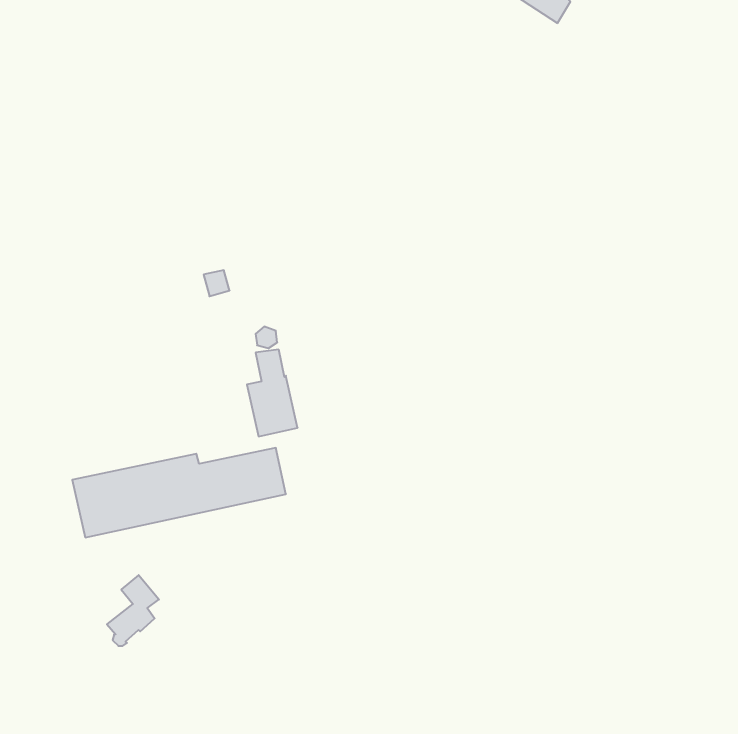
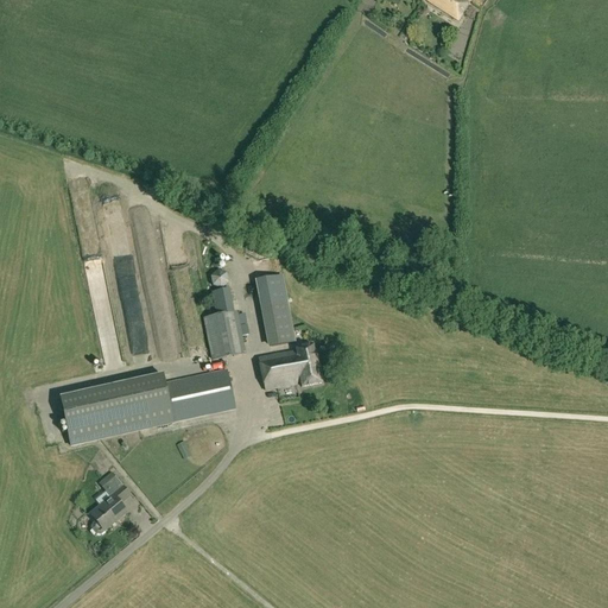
building: none -> [255,273,294,343]
building: none -> [258,343,321,390]

